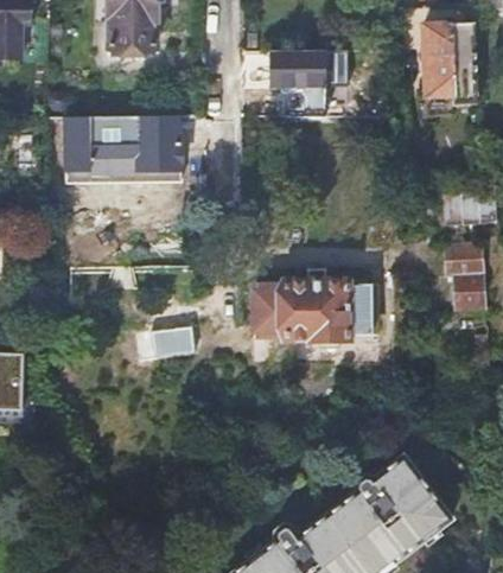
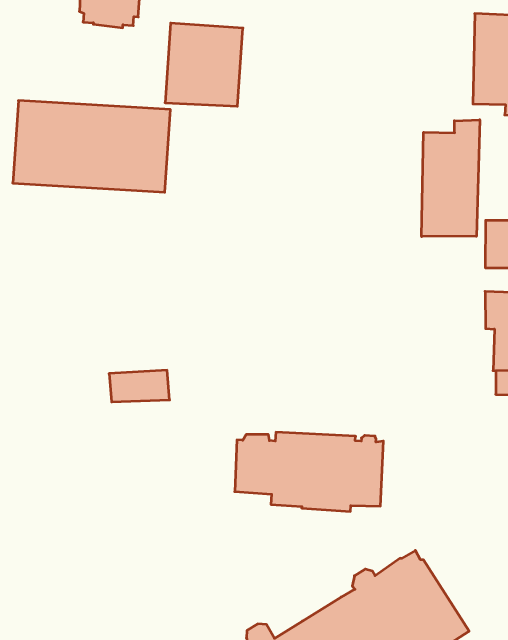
building: [269,51,327,115] -> [165,23,243,106]
building: none -> [422,120,480,237]
building: [254,278,373,339] -> [235,432,383,511]

